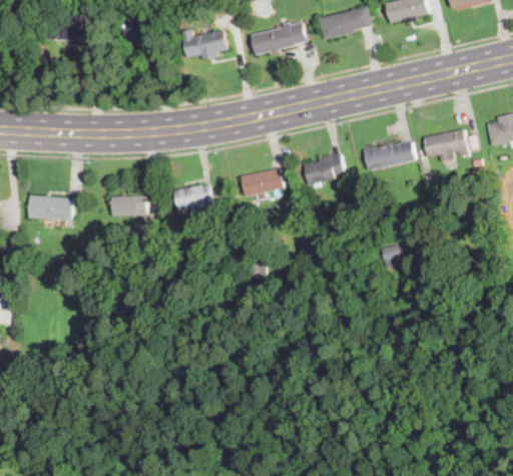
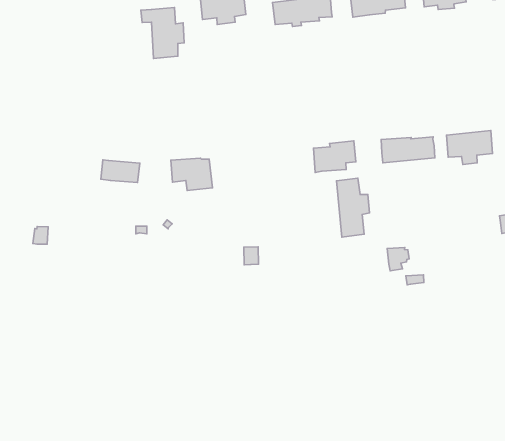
building: none -> [141,8,184,59]
building: [238,166,284,197] -> none
building: none -> [337,178,370,237]
building: [28,195,72,219] -> none

